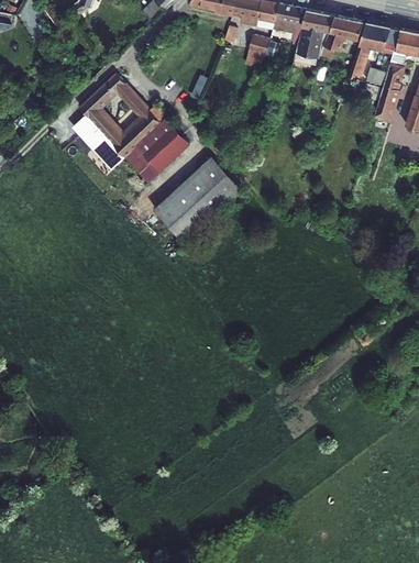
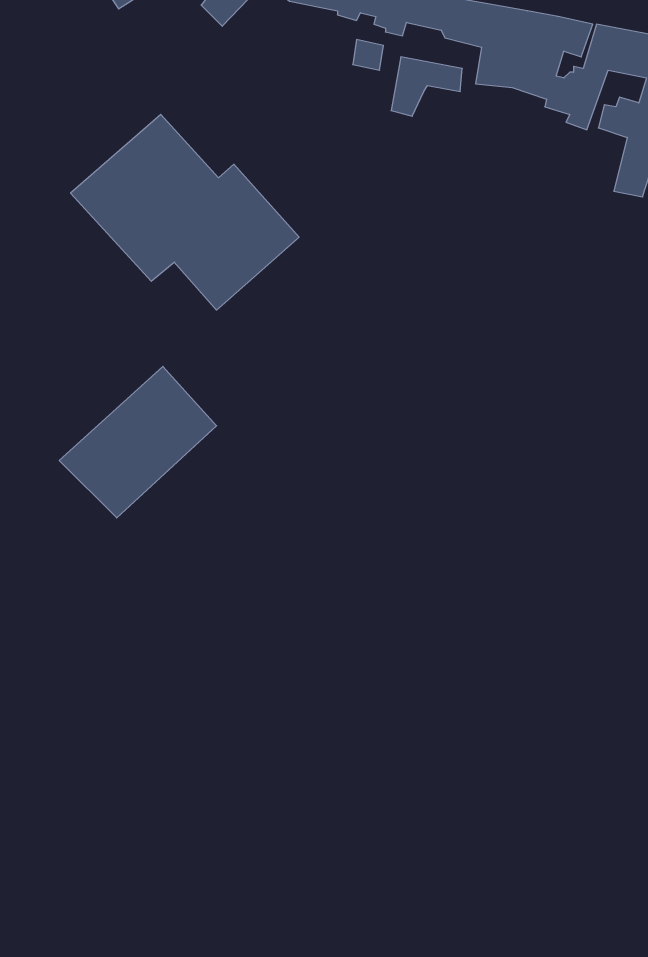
building: [154,156,244,243] -> [59,366,217,518]

